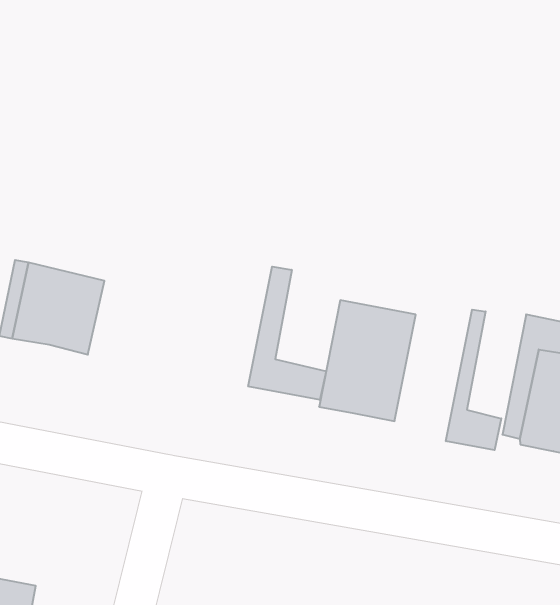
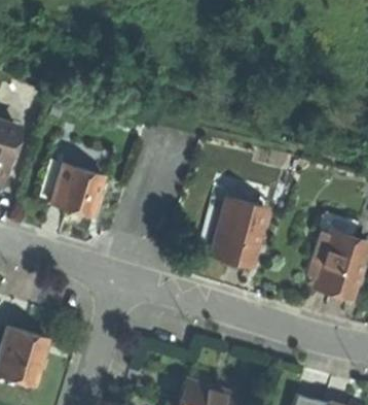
building: [248,267,326,400] -> none
building: [446,310,501,450] -> none

